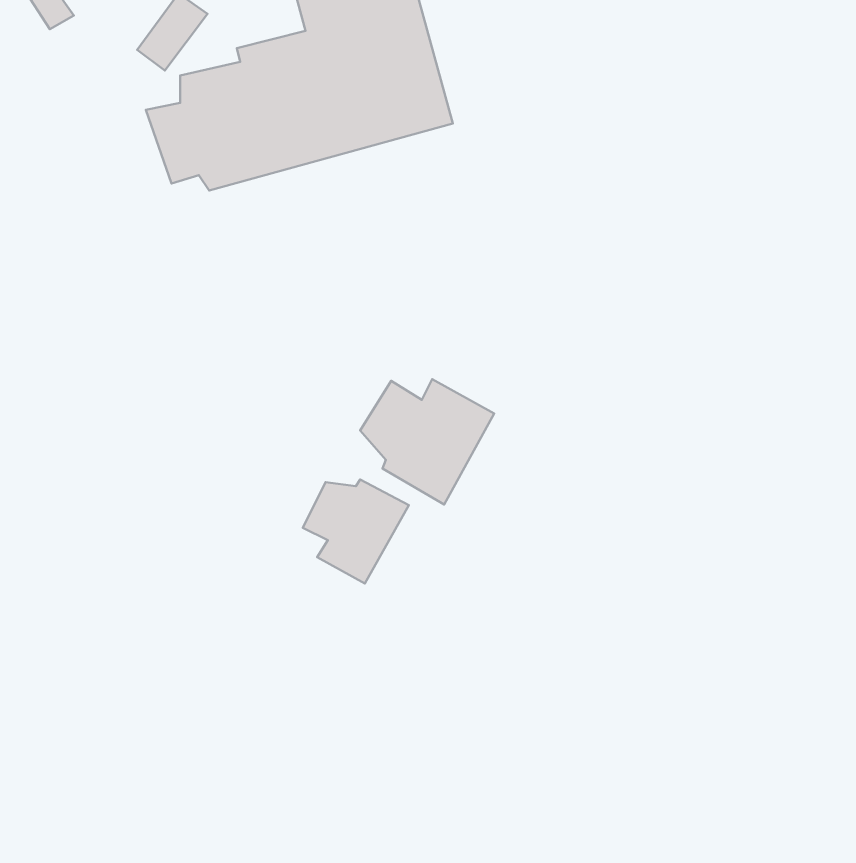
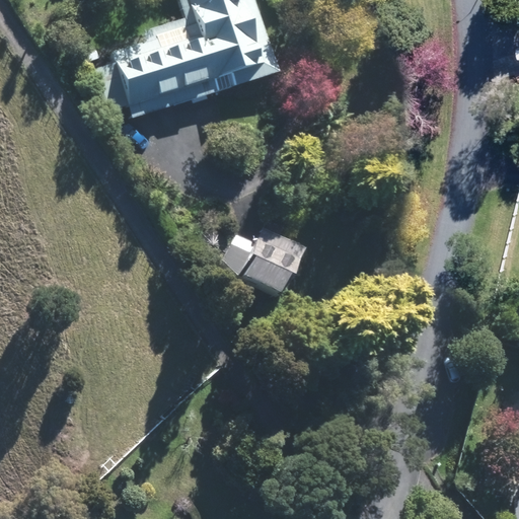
building: [303,480,409,584] -> none

